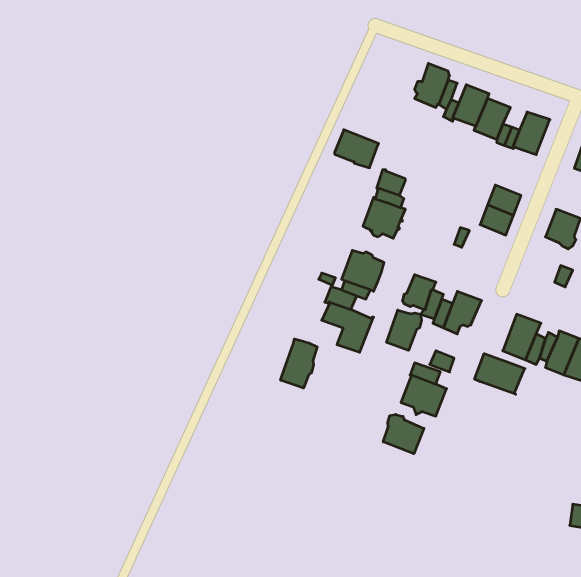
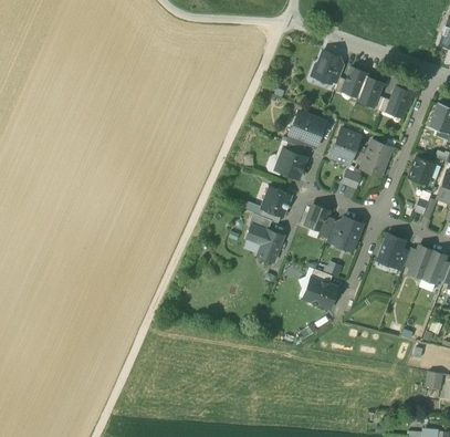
building: [335,130,379,168] -> [293,112,325,139]
building: none -> [331,128,360,164]
building: [387,310,422,350] -> none
building: [281,339,317,388] -> none
building: [475,354,525,394] -> none
building: [383,414,424,454] -> none

